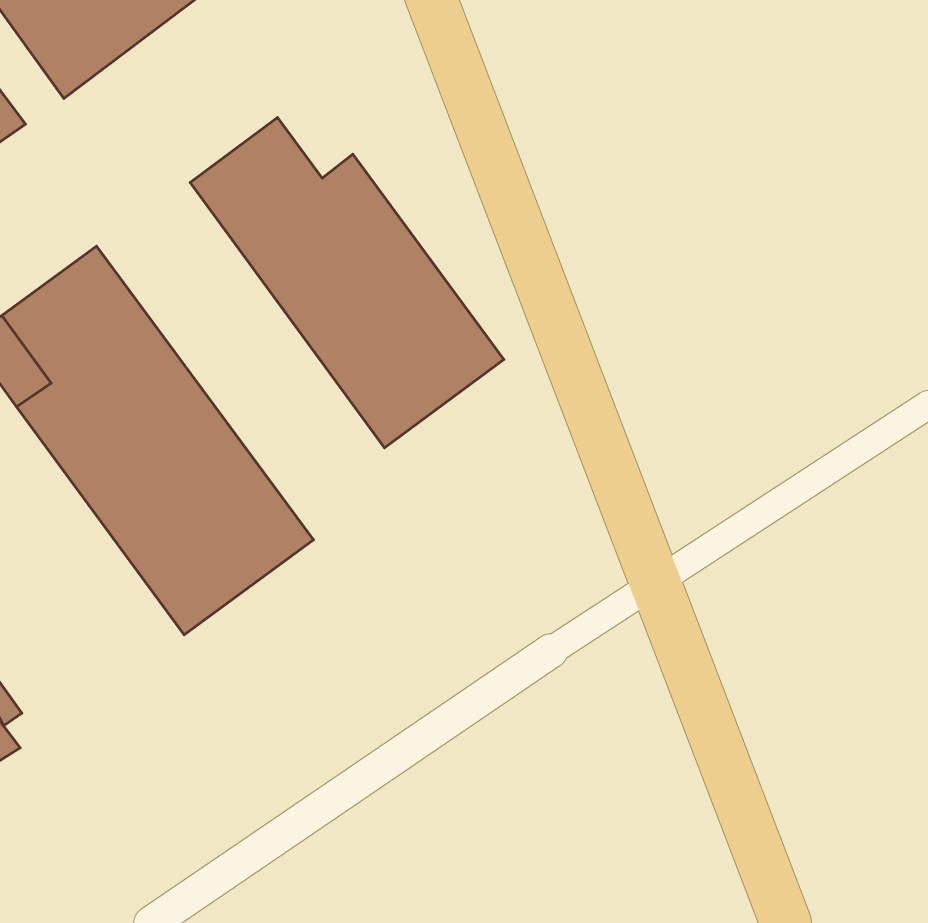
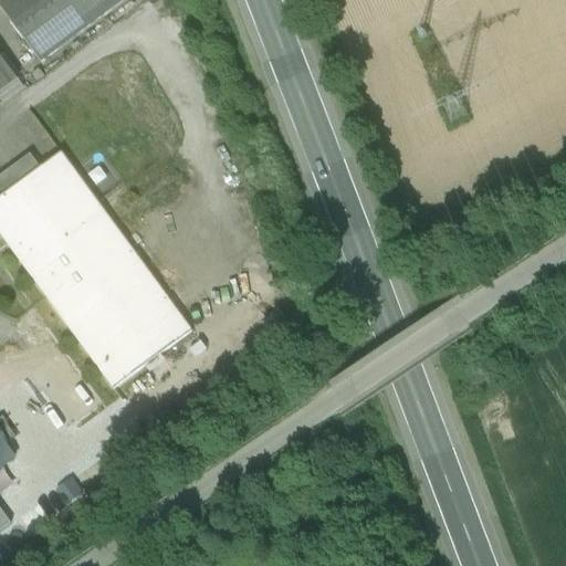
building: [190,118,504,448] -> none

